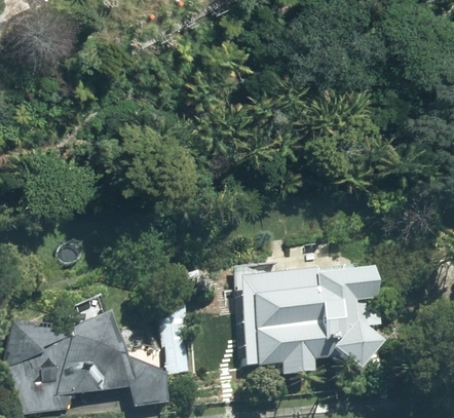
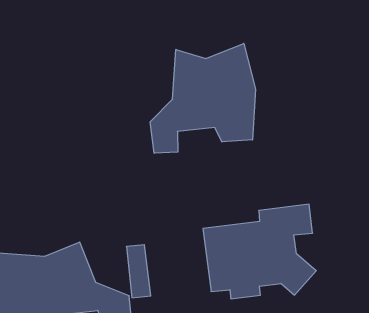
building: none -> [150,43,256,153]

